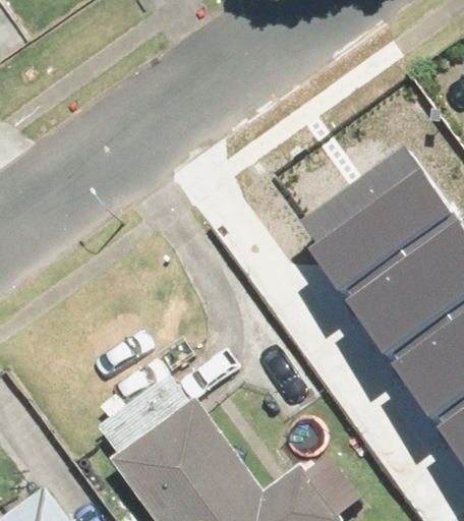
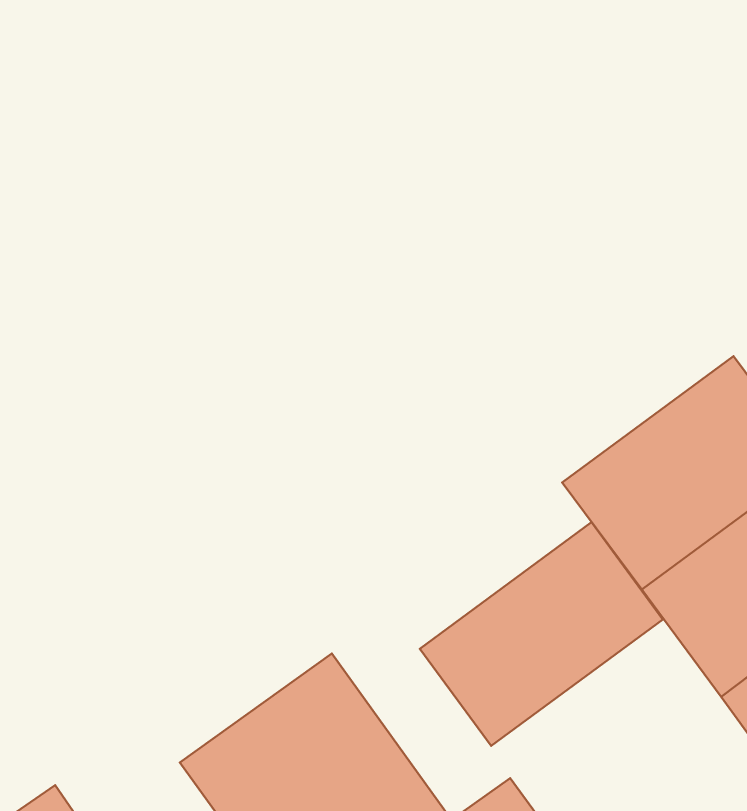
building: [296,159,444,296] -> none
building: none -> [420,522,663,746]

